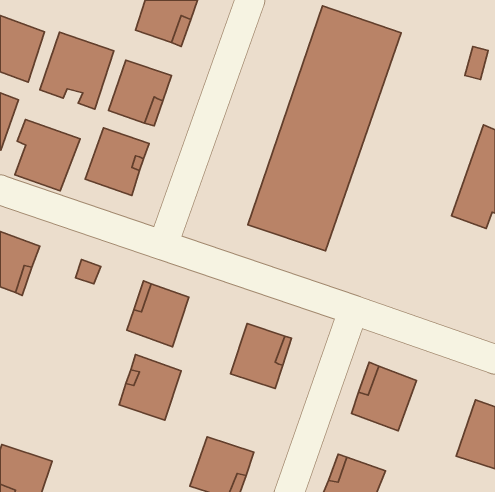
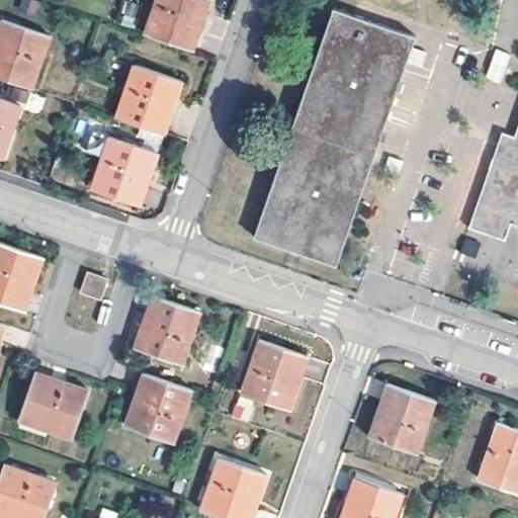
building: [40,32,114,109] -> none
building: [15,120,80,191] -> none
building: none -> [17,372,87,438]

